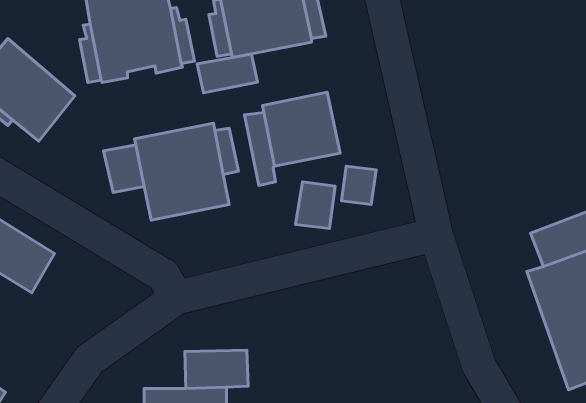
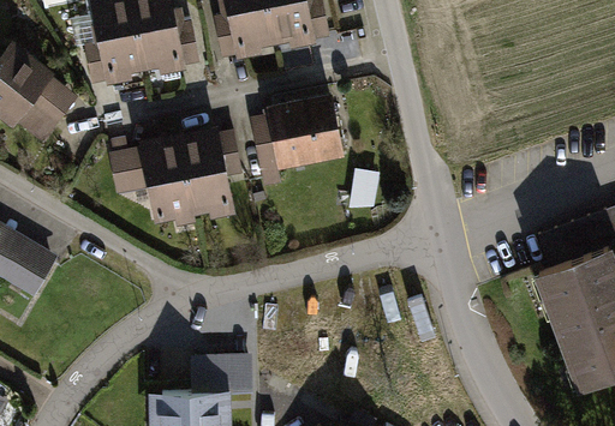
building: [197,54,257,93] -> none
building: [295,182,335,229] -> none

